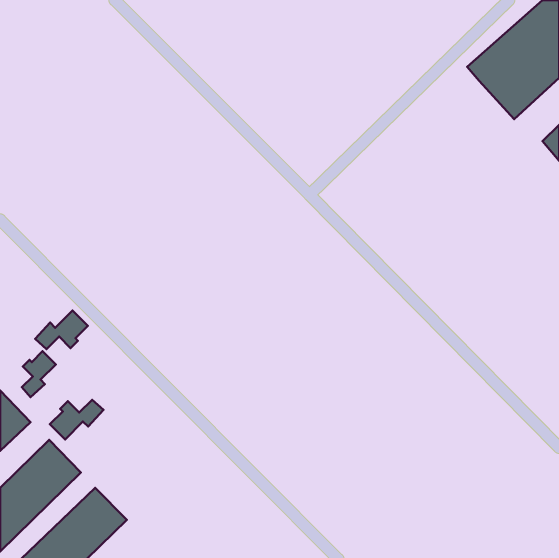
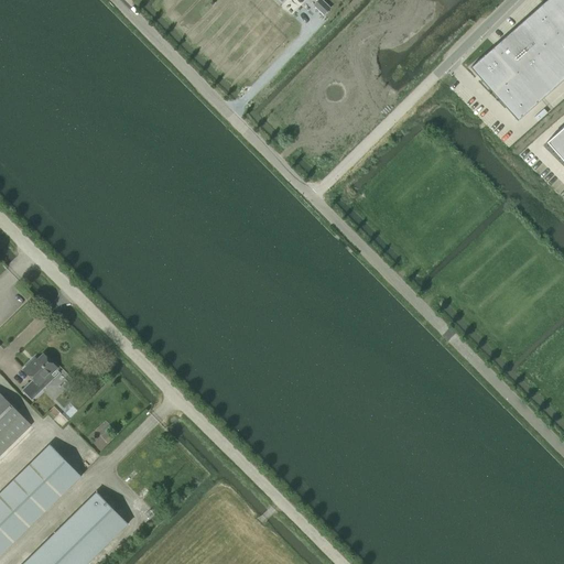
building: [35,310,88,349] -> none
building: [50,400,103,439] -> none

